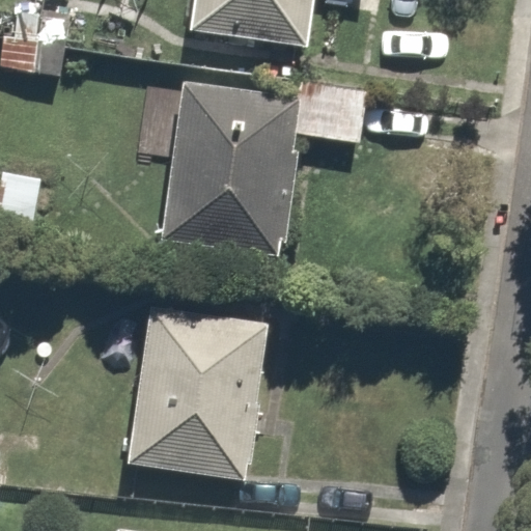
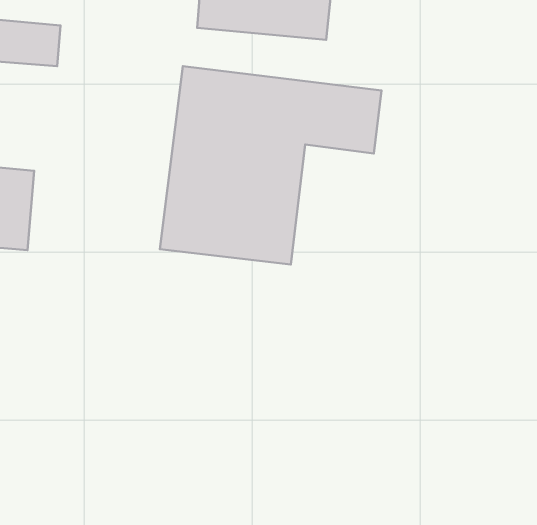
building: [128,303,270,475] -> none

